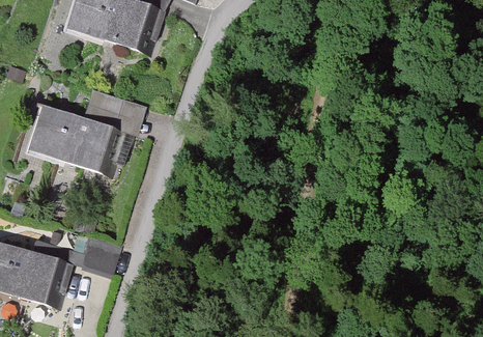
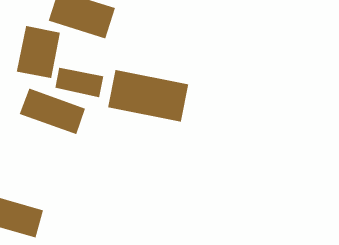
building: none -> [16,25,60,79]
building: none -> [108,69,189,123]

